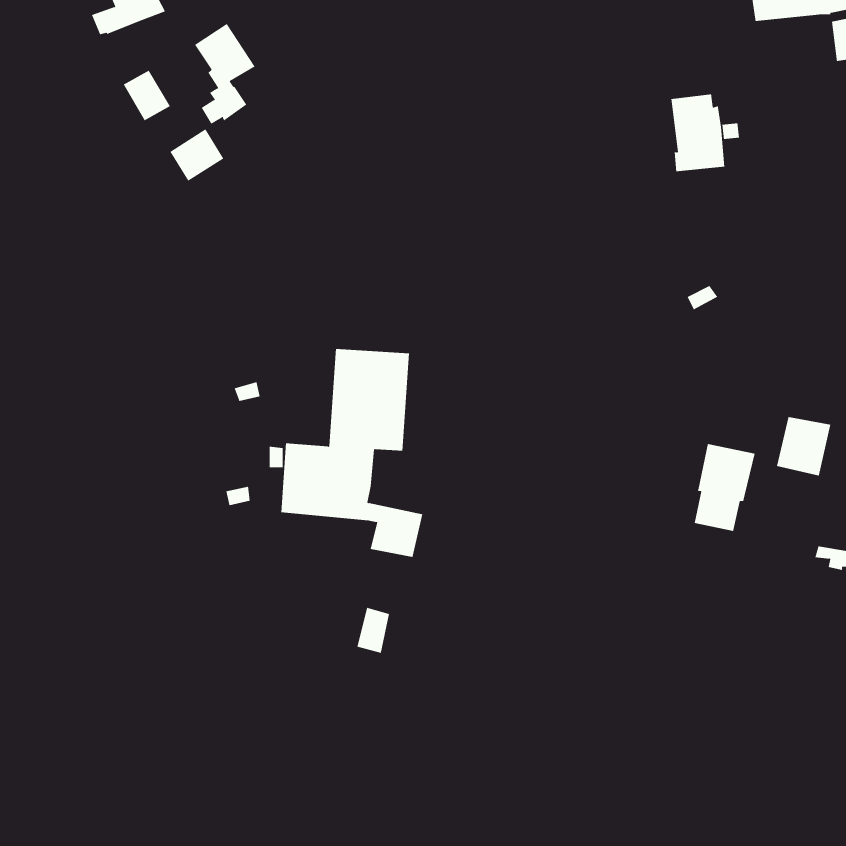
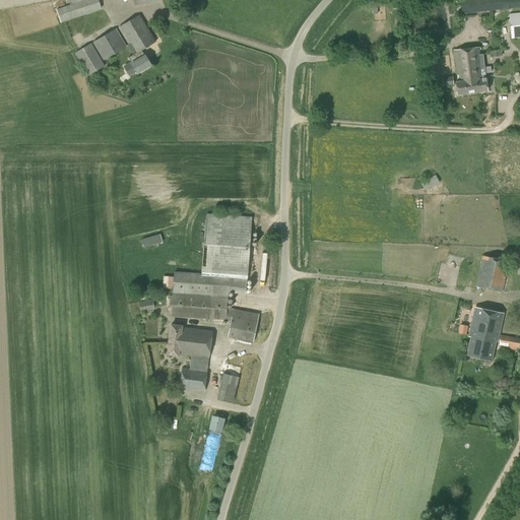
building: [670,94,725,172] -> [454,46,488,93]
building: [169,129,224,182] -> [93,27,127,60]
building: [694,443,755,531] -> [467,306,505,360]
building: none -> [168,323,212,391]

